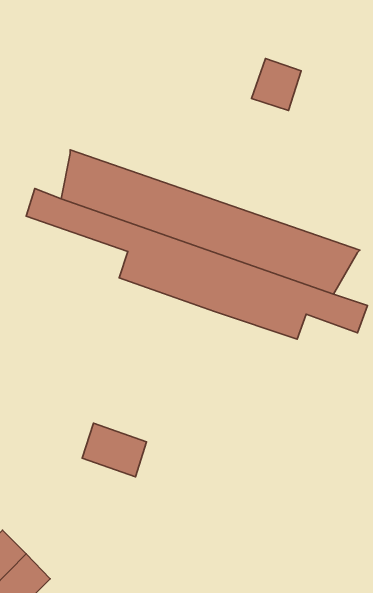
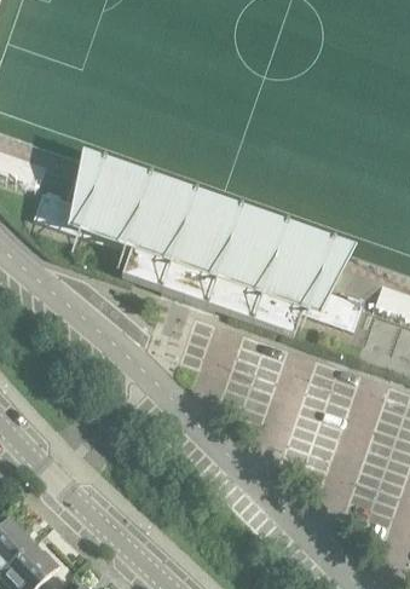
building: [252,58,301,111] -> none
building: [82,423,147,477] -> none

